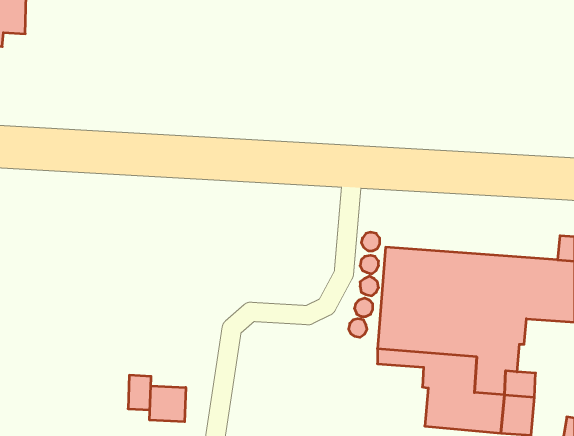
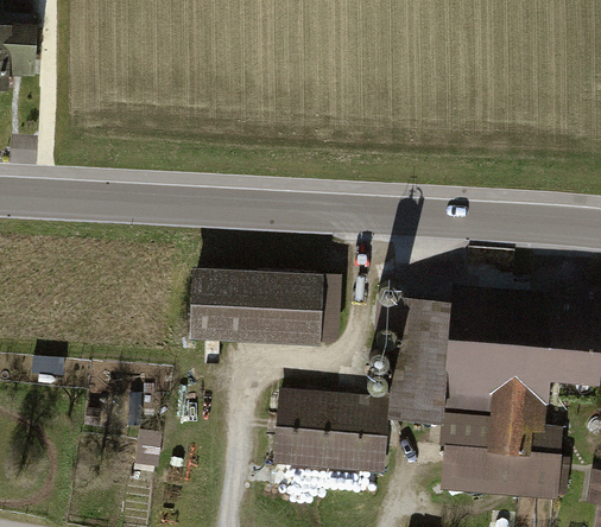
building: none -> [194,271,325,349]
building: none -> [276,392,384,466]
building: [150,386,186,422] -> none

